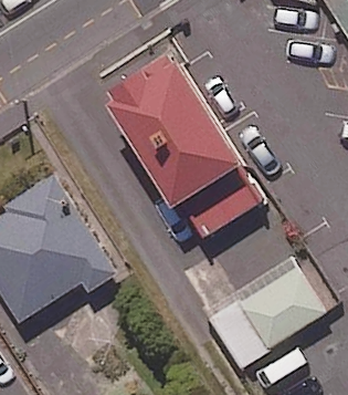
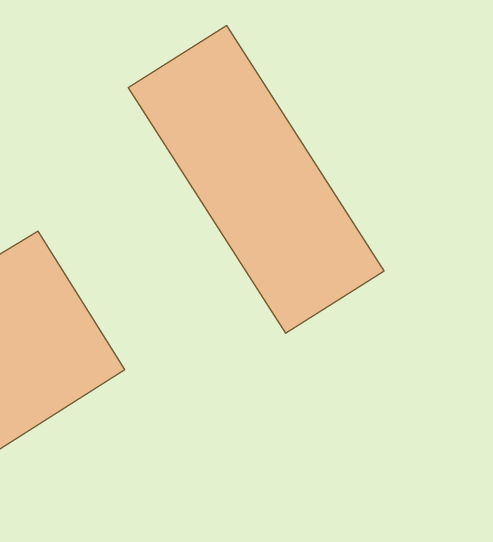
building: [223,270,329,363] -> none

